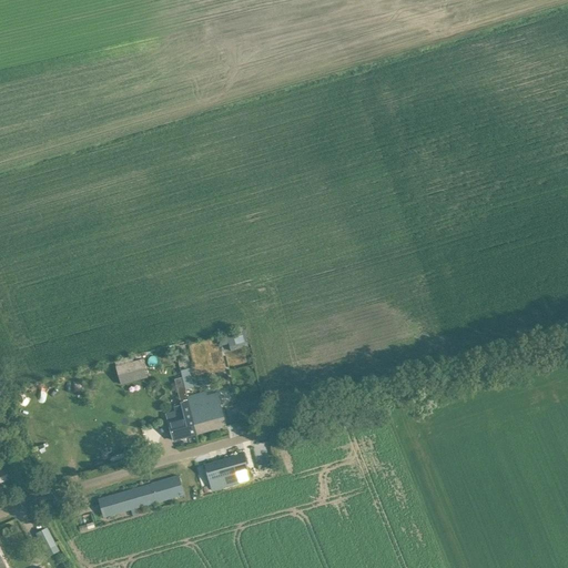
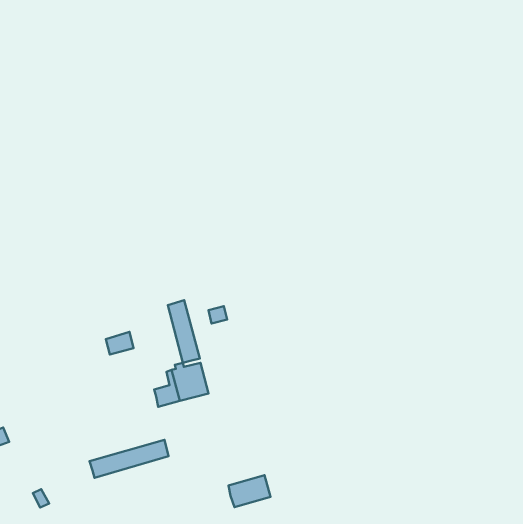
building: none -> [168,300,200,363]
building: [203,453,248,487] -> [228,475,271,507]

